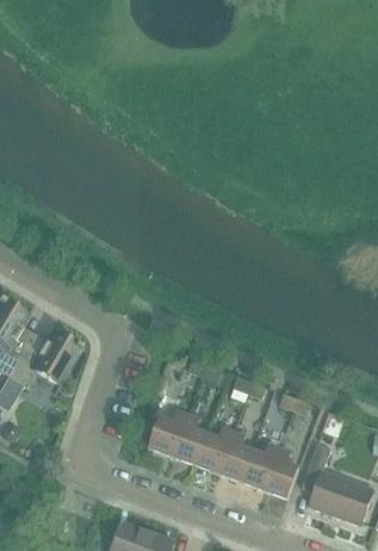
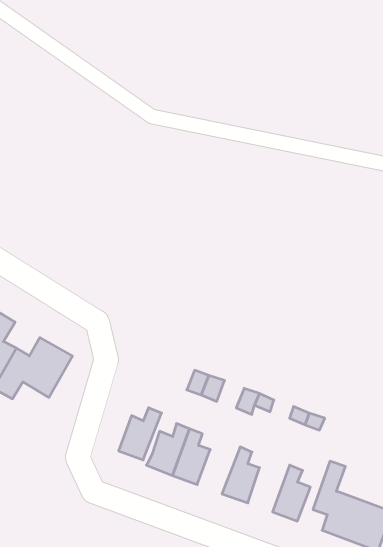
building: [194,425,234,472] -> [119,408,162,460]
building: [241,441,279,489] -> none

